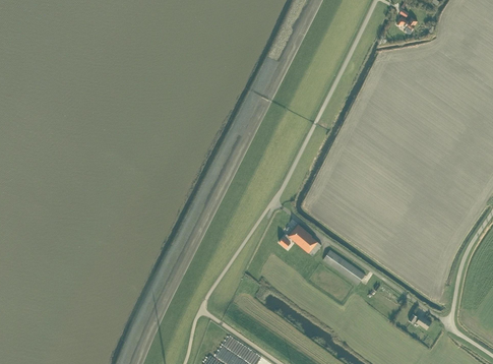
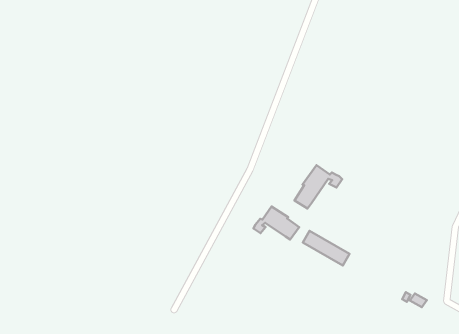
building: none -> [294,165,342,209]

